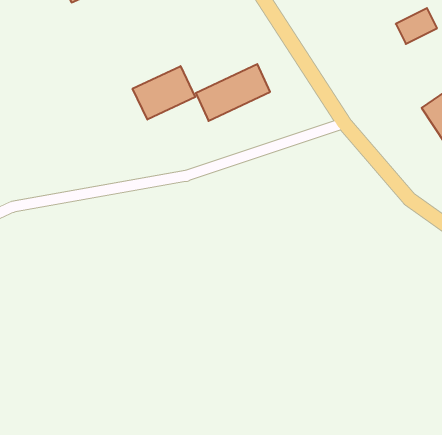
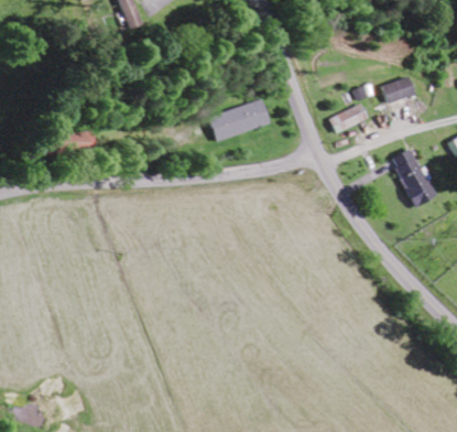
building: none -> [329,104,368,133]
building: [133,66,195,120] -> none

